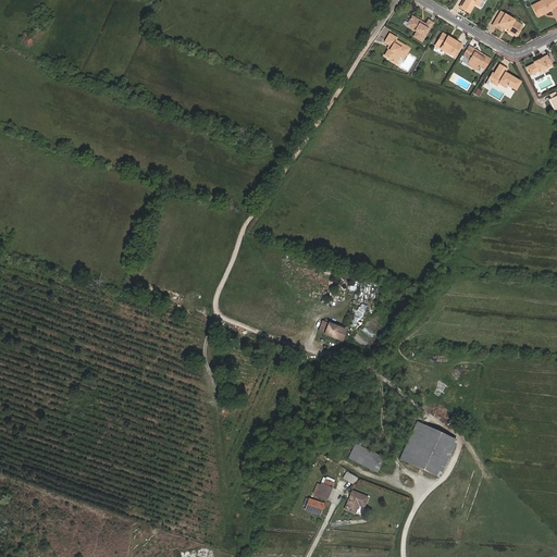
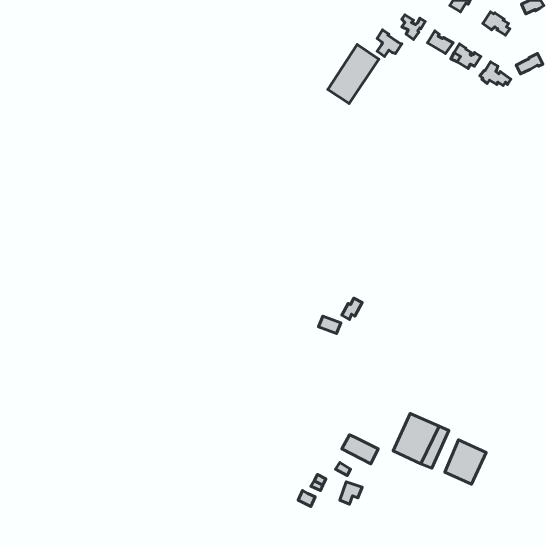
building: none -> [328,44,379,104]
building: none -> [445,440,486,484]

